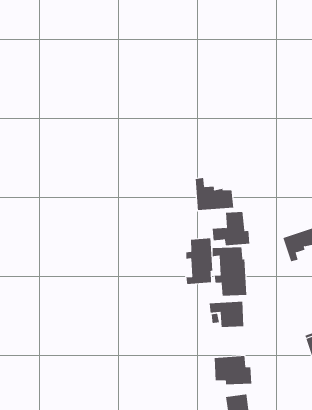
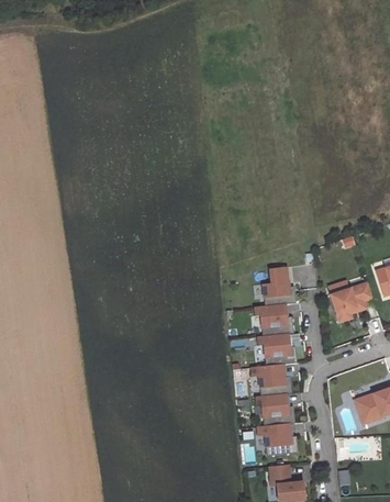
building: [195,177,234,211] -> none
building: [186,238,213,285] -> none
building: none -> [253,392,290,420]

